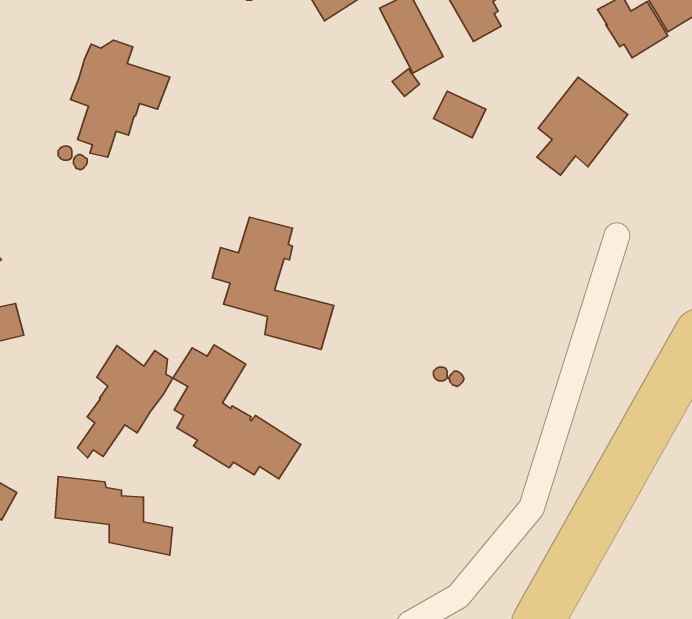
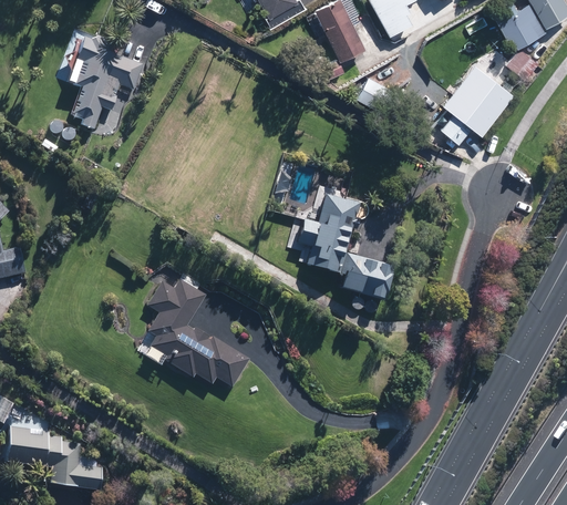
building: none -> [506,49,539,81]
building: [212,217,334,350] -> [296,195,393,301]
building: [78,345,173,458] -> none
building: [55,476,173,555] -> [14,424,109,487]

